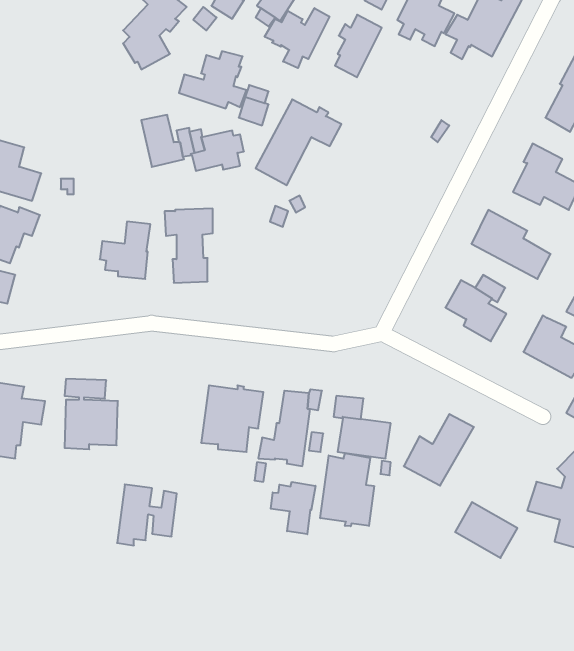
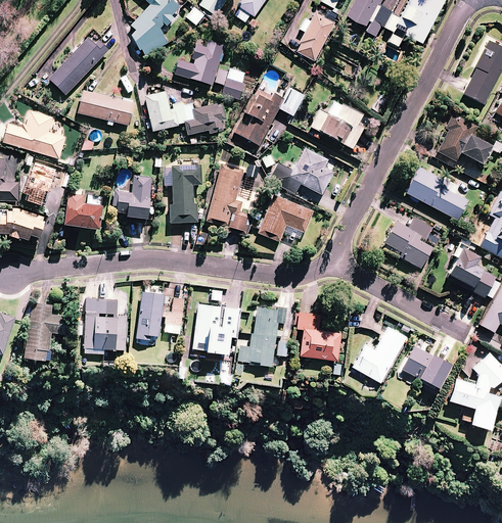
building: [265,8,329,68] -> none
building: none -> [49,37,109,95]
building: none -> [78,90,135,126]
building: none -> [310,104,364,149]
building: none -> [270,148,333,195]
building: none -> [208,162,253,236]
building: none -> [64,193,103,231]
building: none -> [259,195,313,241]
building: [320,453,374,526] -> none
building: [271,482,315,534] -> none
building: [117,484,177,545] -> [137,292,184,340]
building: [455,502,517,558] -> [401,345,450,389]

